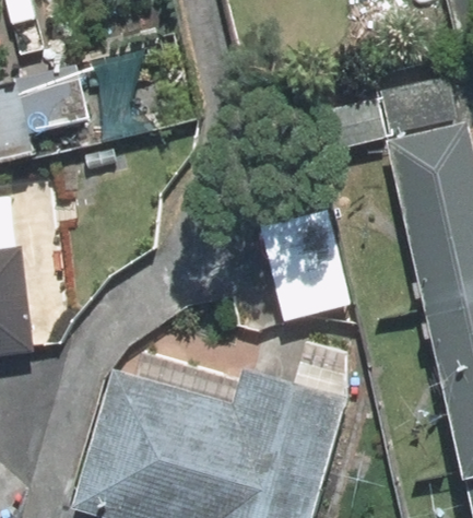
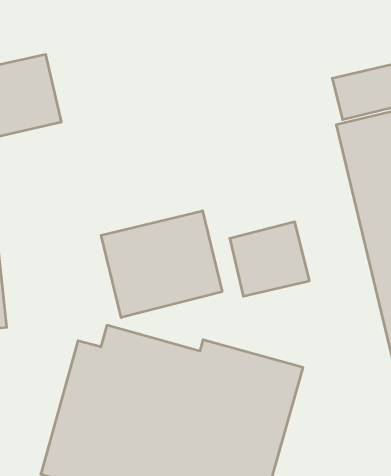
building: none -> [101,211,222,318]

